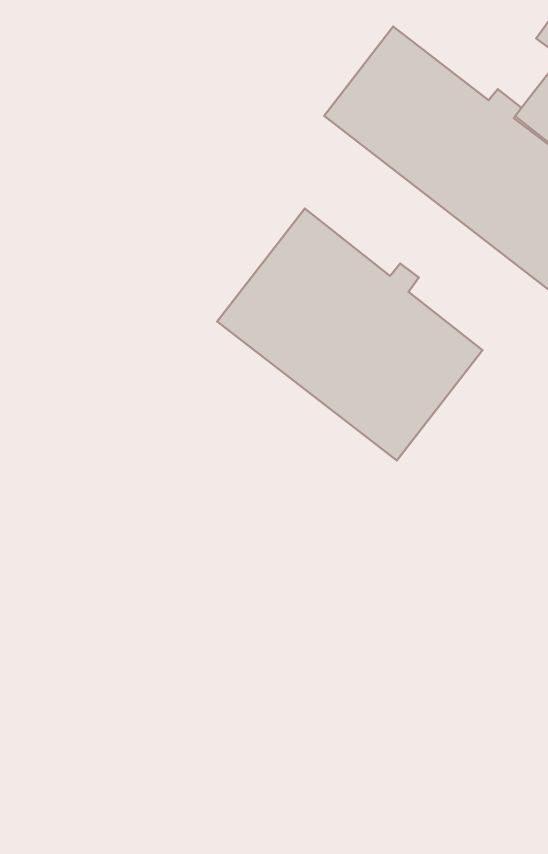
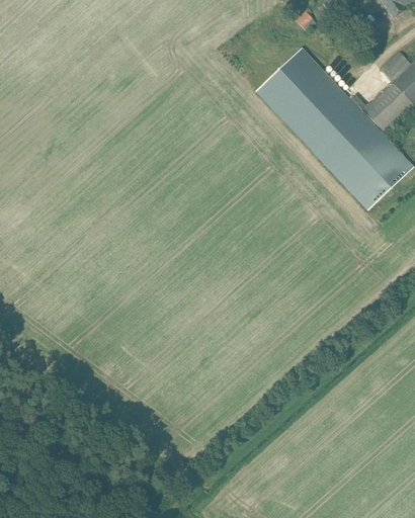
building: [217,208,483,461] -> none

